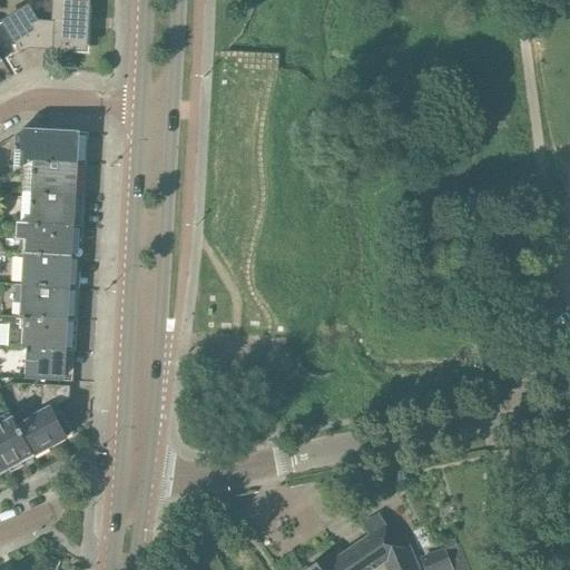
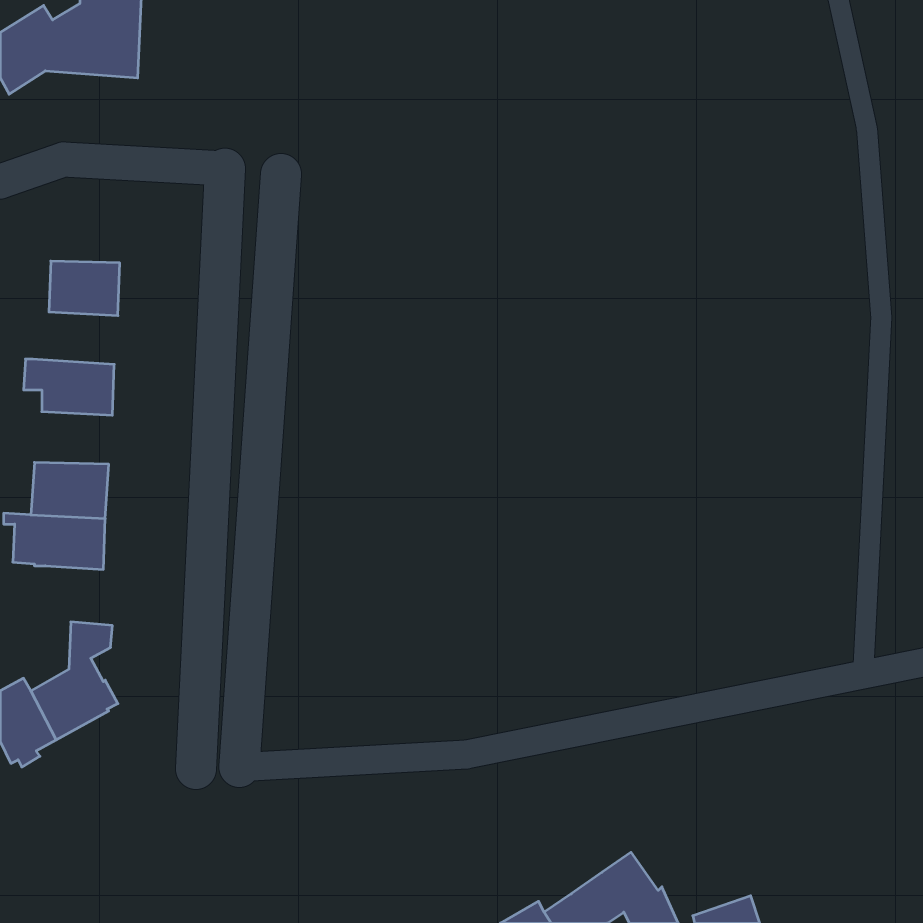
building: [17,128,78,167] -> none
building: [22,190,75,224] -> none
building: [23,253,71,285] -> none
building: [28,347,66,381] -> none

